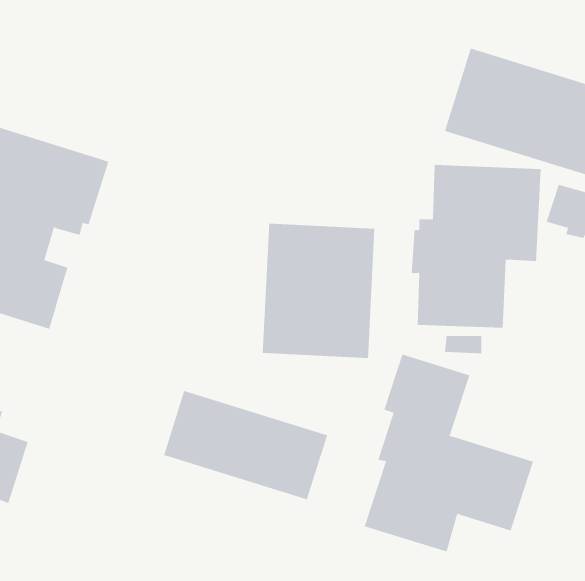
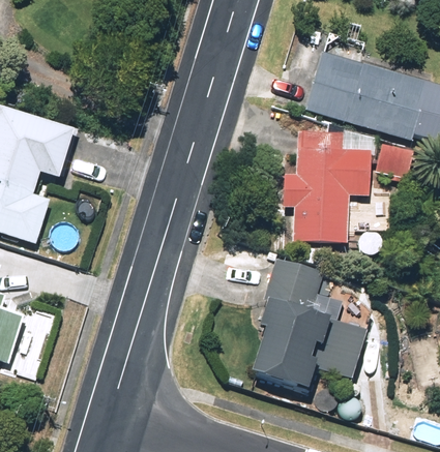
building: [262,223,375,359] -> none
building: [163,390,328,500] -> none

